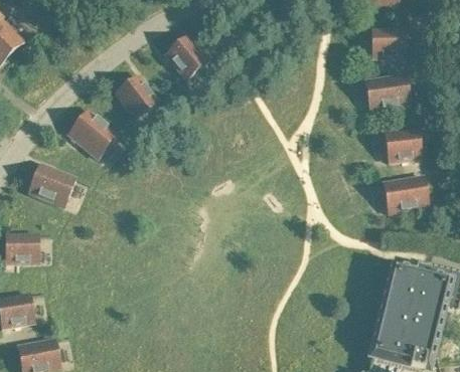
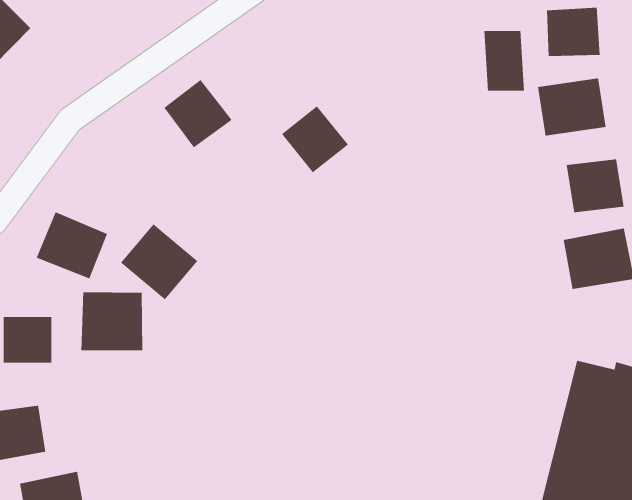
building: [165,36,210,81] -> [281,105,349,173]
building: none -> [484,30,525,92]
building: [67,109,120,160] -> [120,223,198,300]
building: none -> [81,291,143,351]

